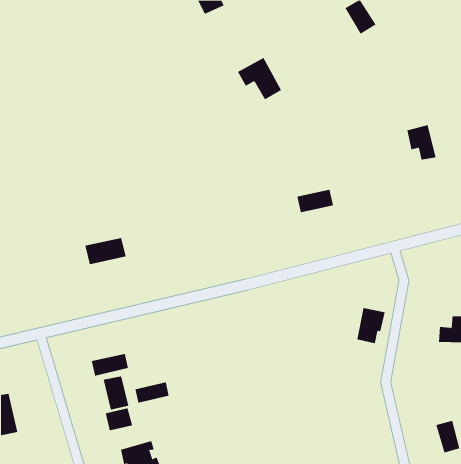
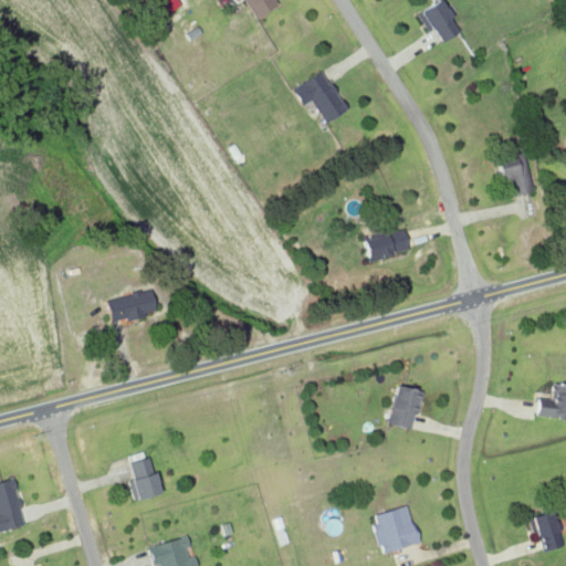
building: [356,308,386,344] -> [389,386,424,430]
building: [91,353,128,377] -> none
building: [135,382,169,404] -> none
building: [105,408,133,431] -> none
building: none -> [375,505,419,554]

